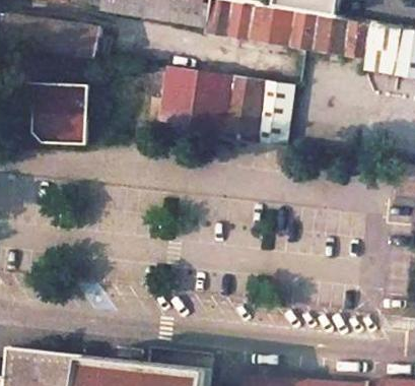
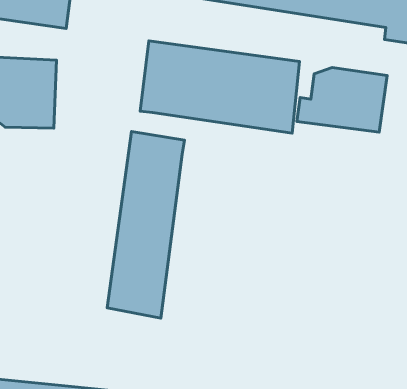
building: none -> [297,67,387,132]
building: none -> [107,131,185,318]

